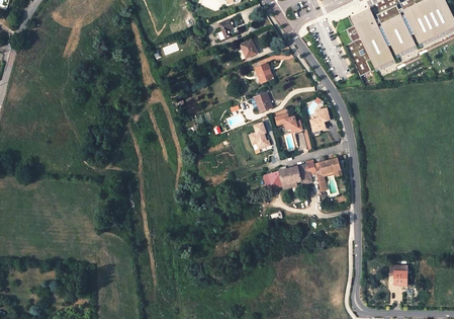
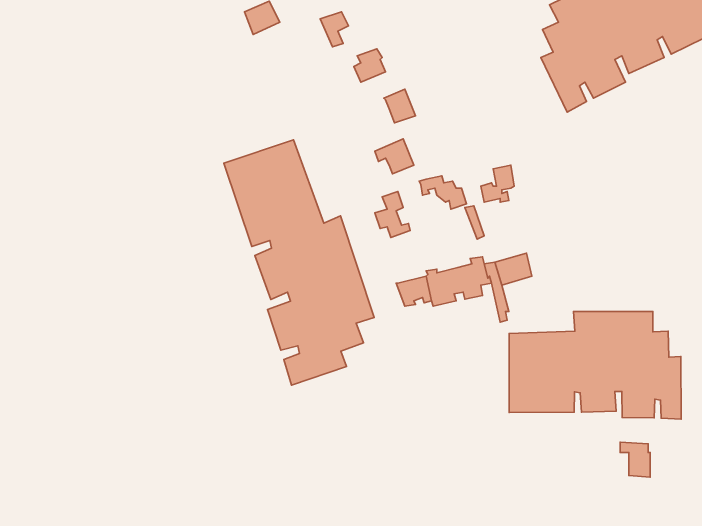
building: none -> [224,140,374,385]
building: none -> [509,312,681,419]

